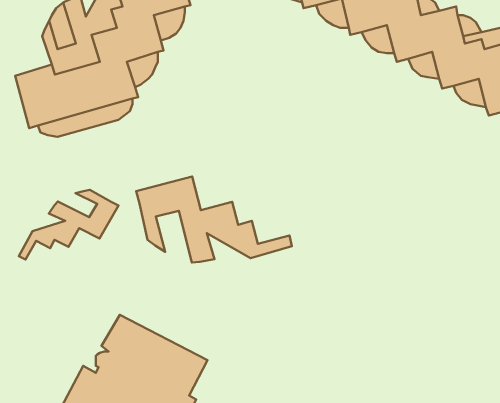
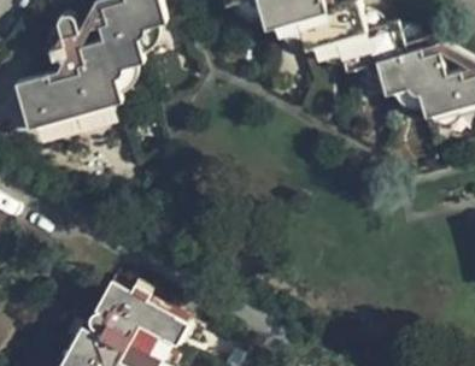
building: [136,176,292,262] -> none
building: [19,190,119,260] -> none

